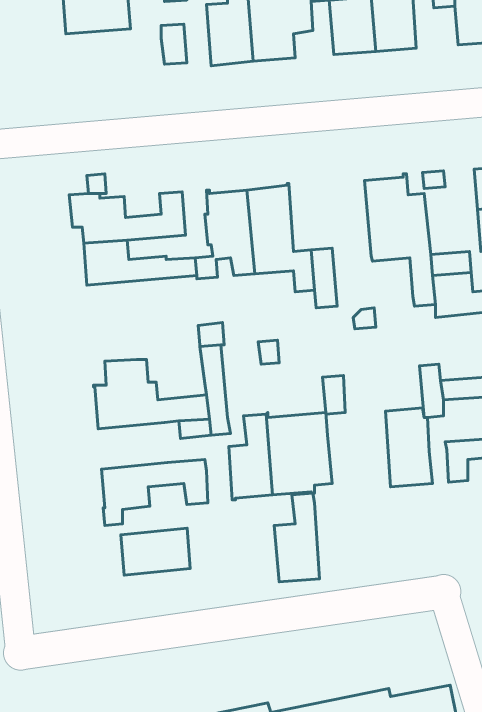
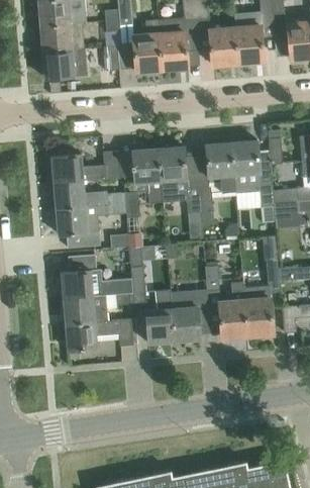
building: none -> [44,50,87,79]
building: none -> [206,144,235,194]
building: none -> [58,204,126,249]
building: [274,493,319,582] -> [219,283,247,338]
building: [121,528,190,575] -> [65,296,108,325]

